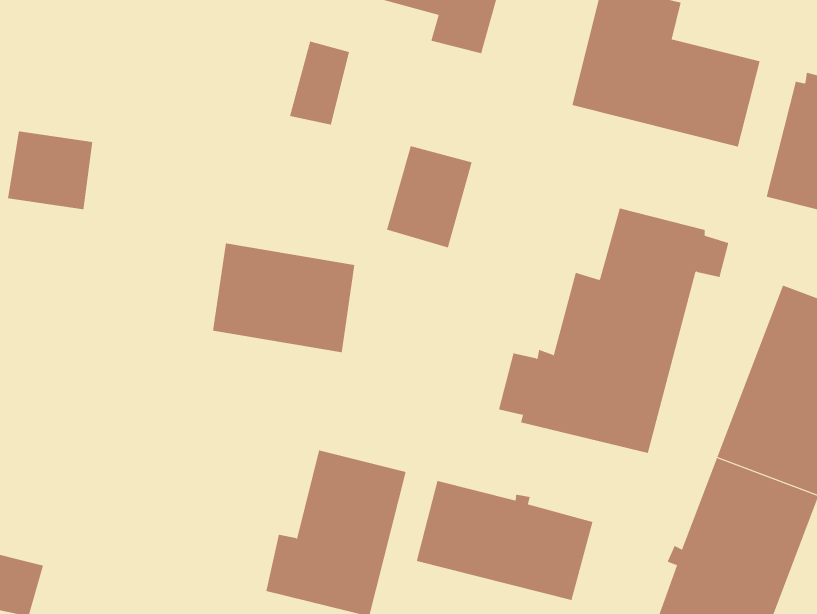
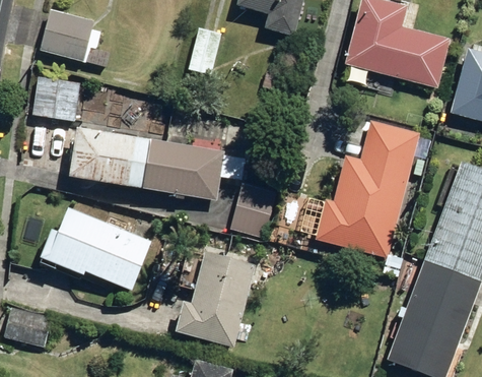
building: none -> [40,9,109,67]
building: [386,146,472,248] -> [230,182,278,239]
building: none -> [72,128,152,188]
building: none -> [40,207,149,291]
building: [416,480,593,601] -> none

